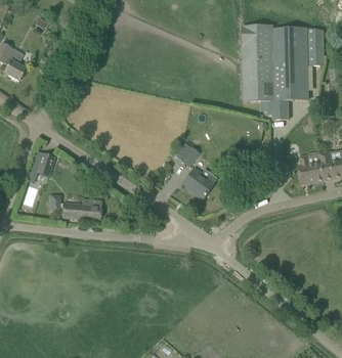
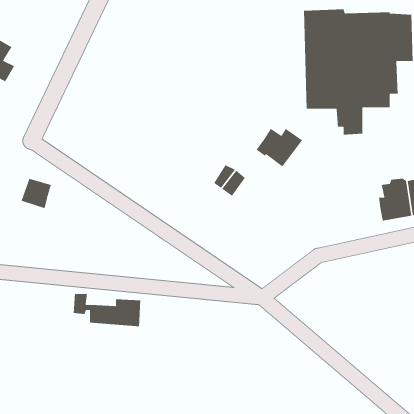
building: [181,168,217,197] -> [255,128,303,168]
building: [50,194,101,220] -> [73,293,141,327]

